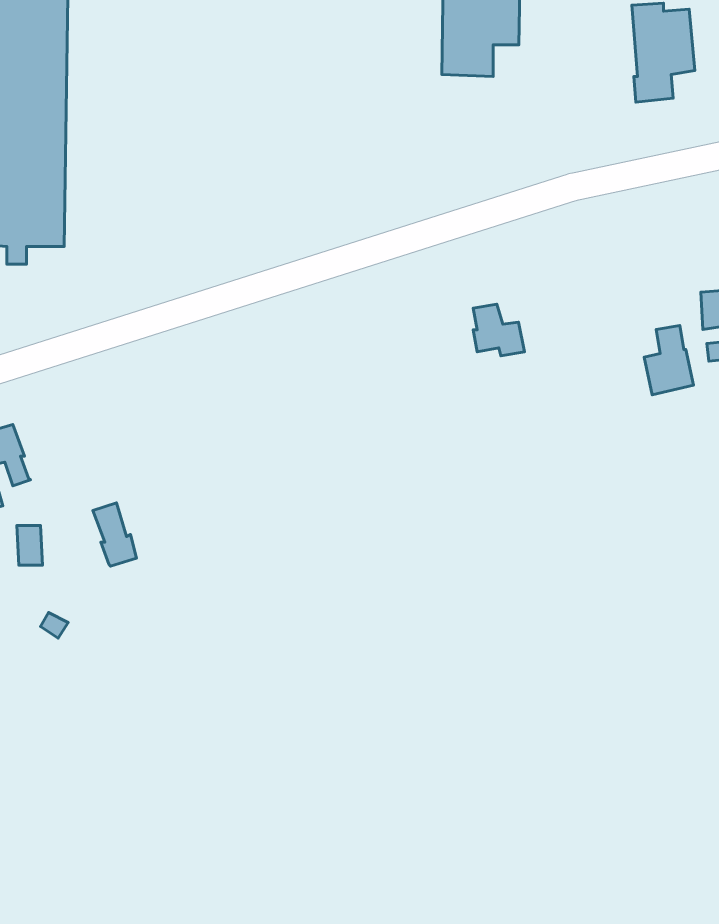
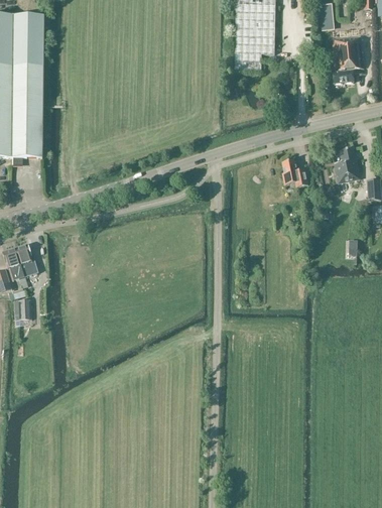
building: [473,304,525,356] -> [282,159,308,185]
building: [644,326,694,395] -> [335,147,360,182]
building: [93,503,136,566] -> [16,243,38,275]

